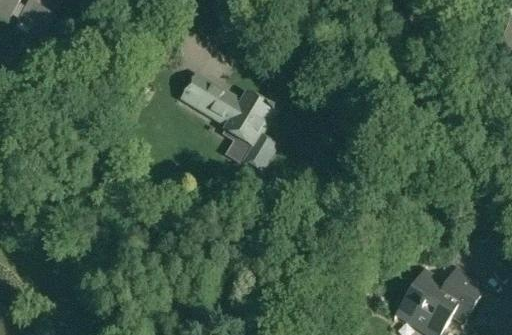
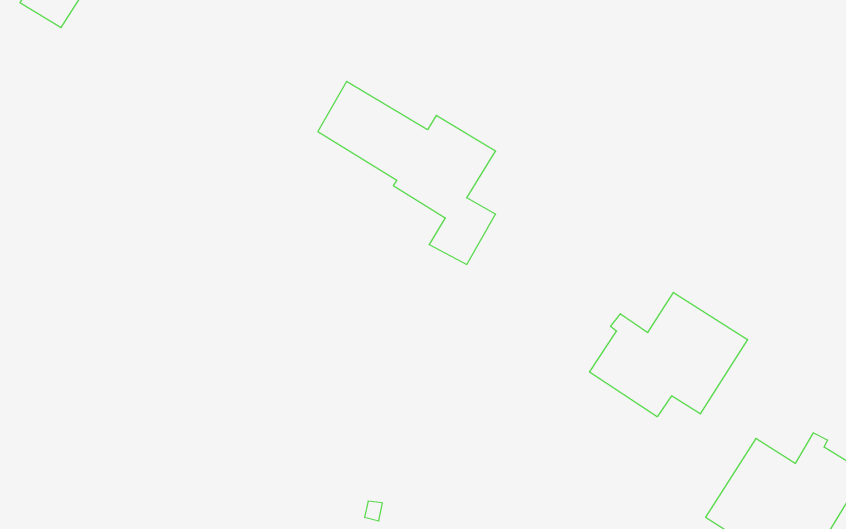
building: none -> [590,292,748,417]

